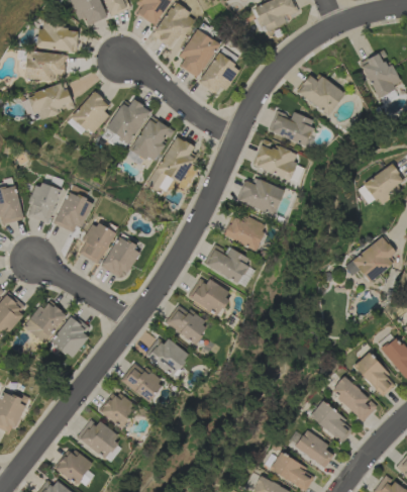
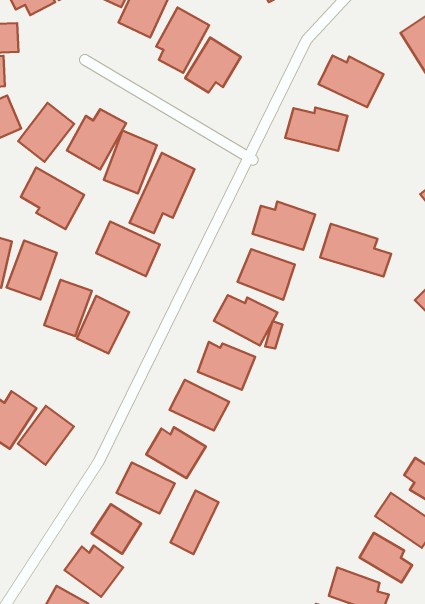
building: none -> [21,168,84,229]
building: [252,141,305,184] -> [320,224,391,277]
building: none -> [96,222,160,276]
building: none -> [170,491,219,554]

